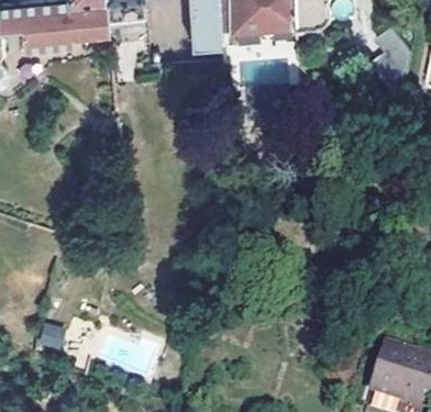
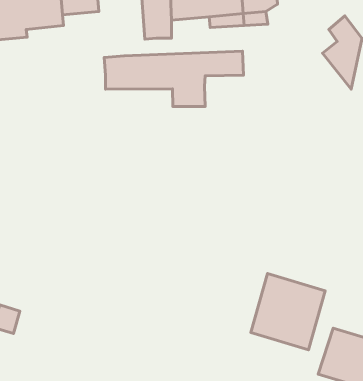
building: none -> [104,51,243,107]
building: none -> [251,274,325,350]

